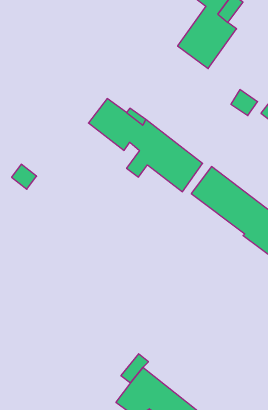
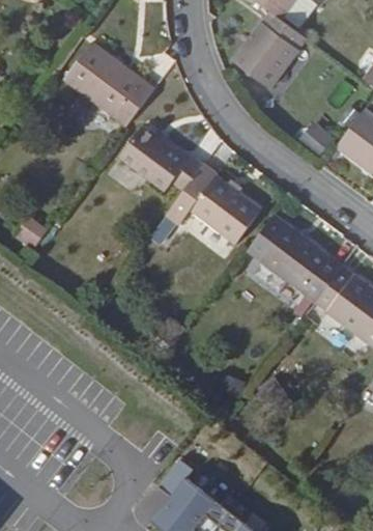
building: none -> [63,39,155,125]

